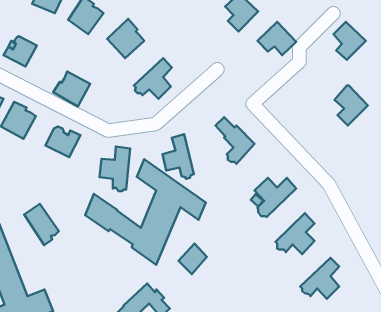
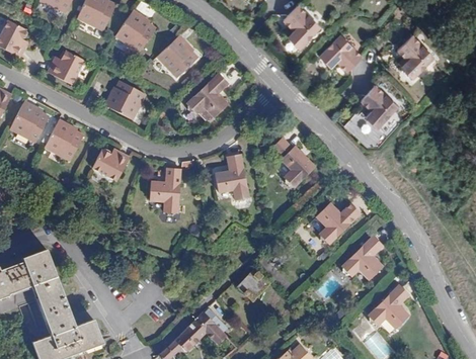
building: [335,86,368,126] -> [364,85,399,127]
building: [85,159,206,265] -> none
building: [24,204,59,245] -> none

